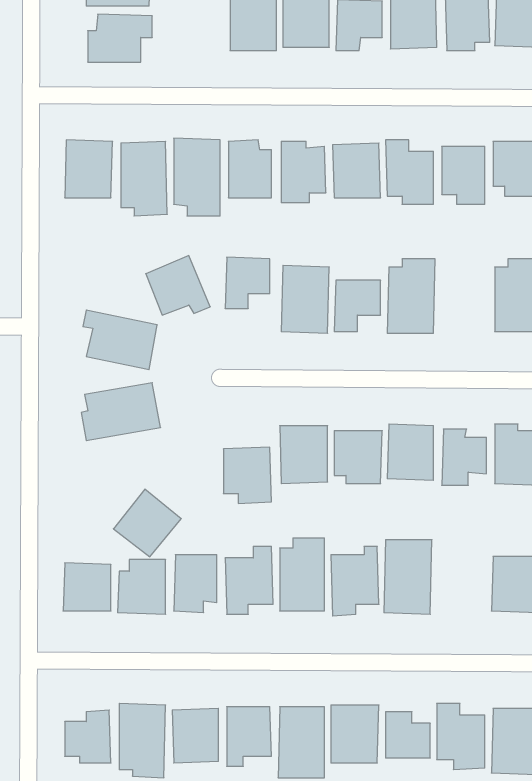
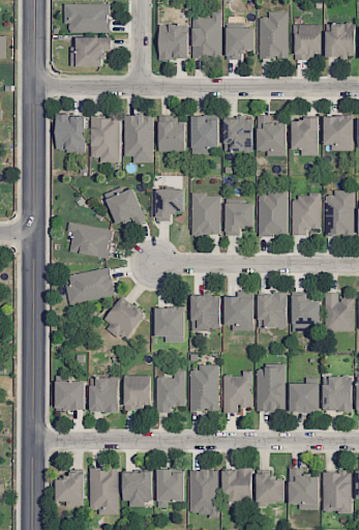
building: none -> [292,195,321,235]
building: [113,489,181,557] -> [102,297,145,340]
building: none -> [289,383,319,412]

